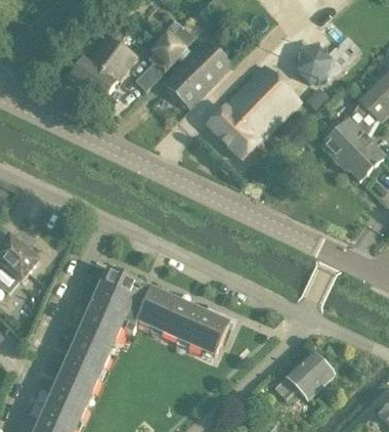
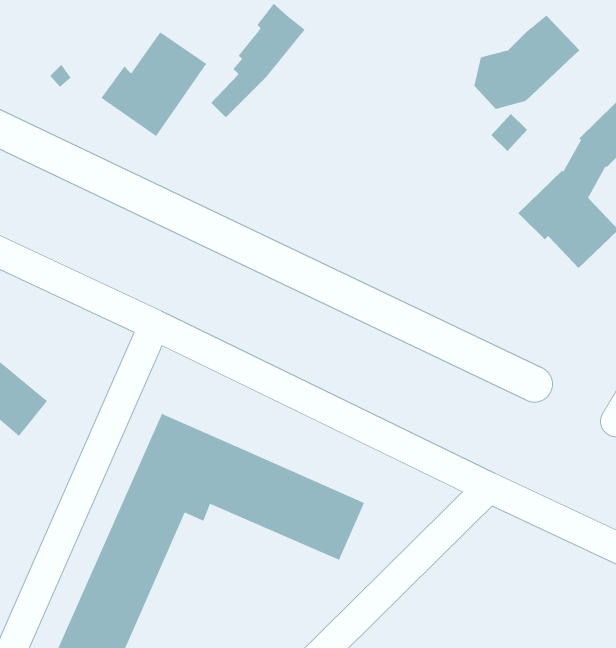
building: [165,41,231,107] -> none
building: [207,67,301,160] -> none
building: [274,352,333,398] -> none

